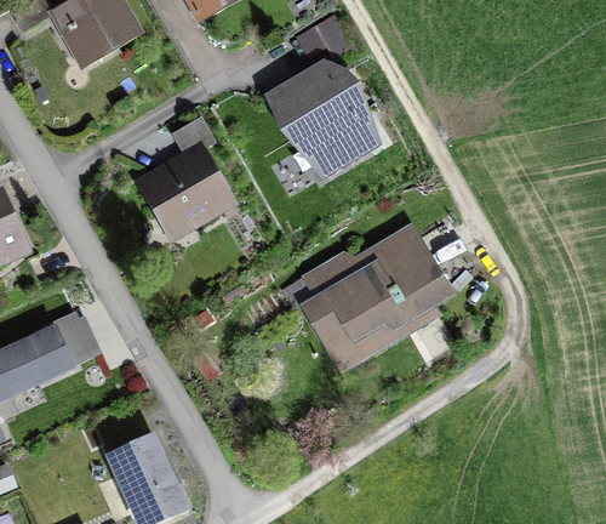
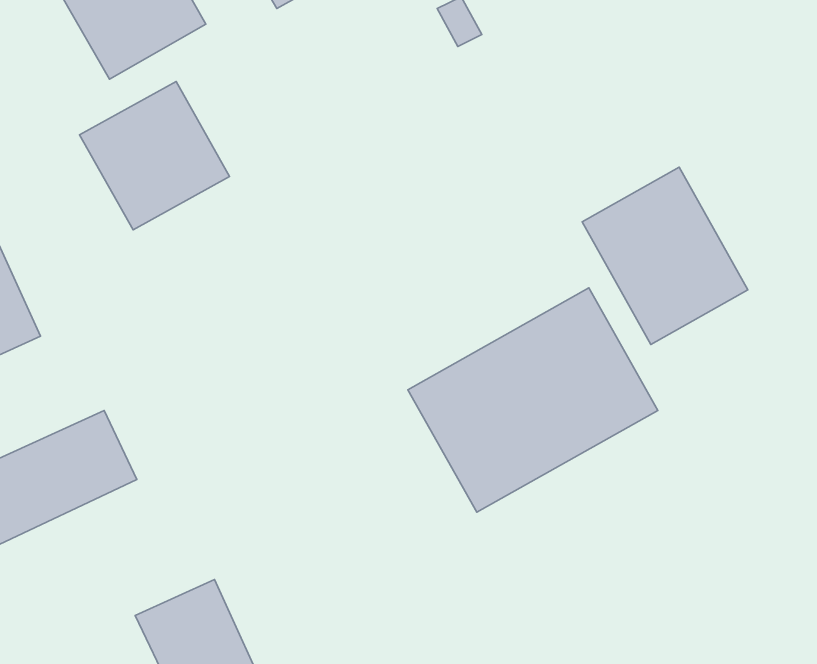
building: [262,64,364,172] -> none
building: none -> [582,167,748,344]
building: [133,139,239,244] -> [80,81,230,230]

